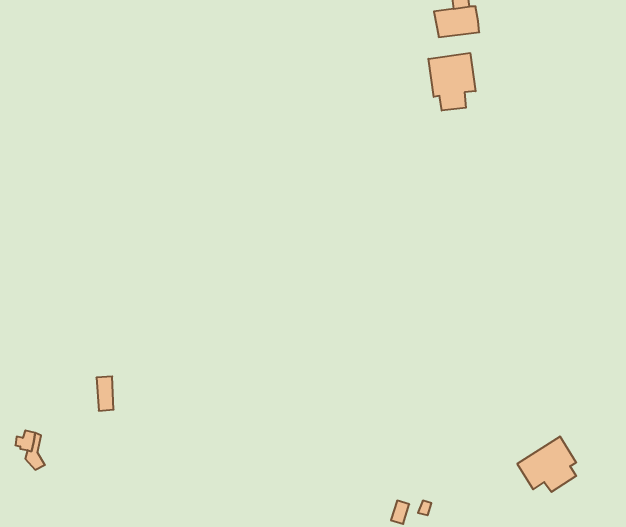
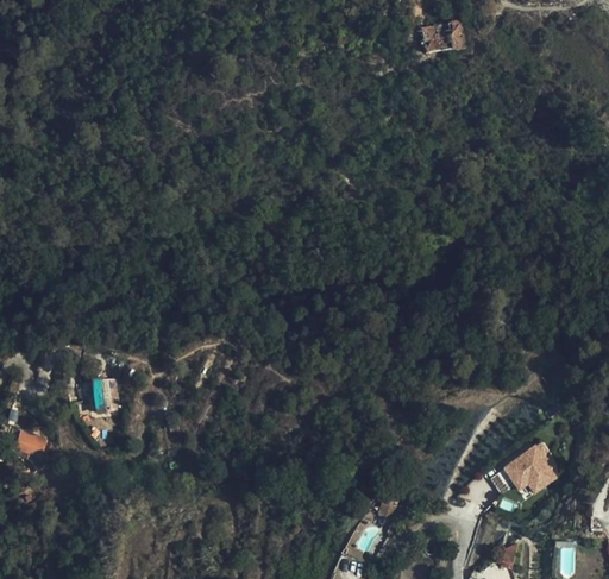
building: [428,53,476,111] -> none

